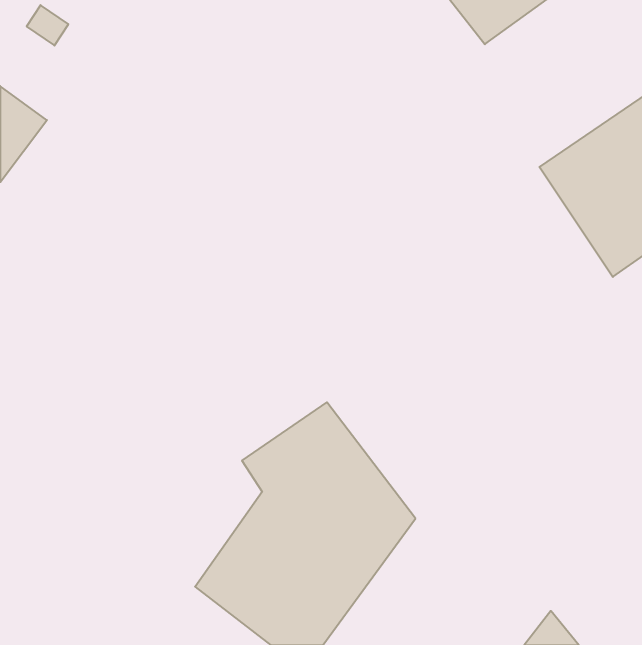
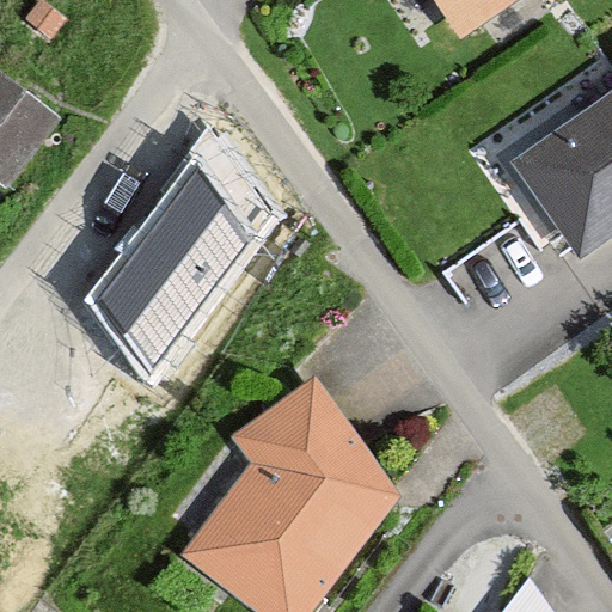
building: none -> [93,155,255,379]

